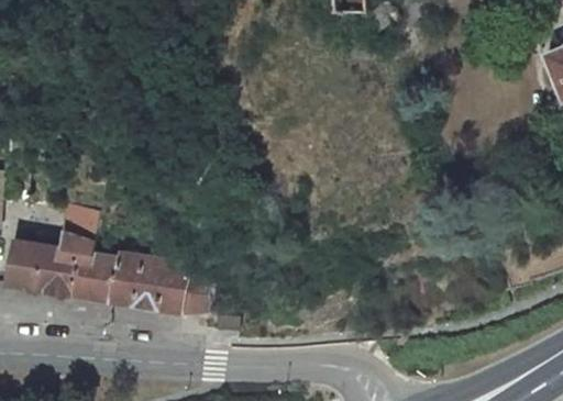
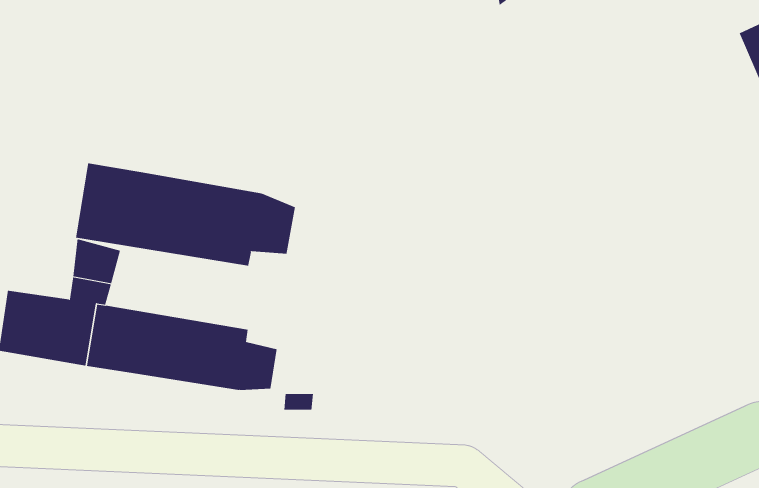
building: none -> [75,162,295,266]

